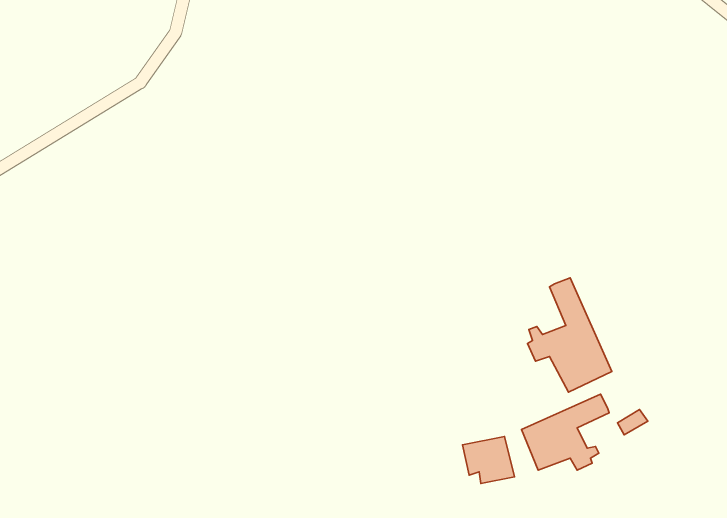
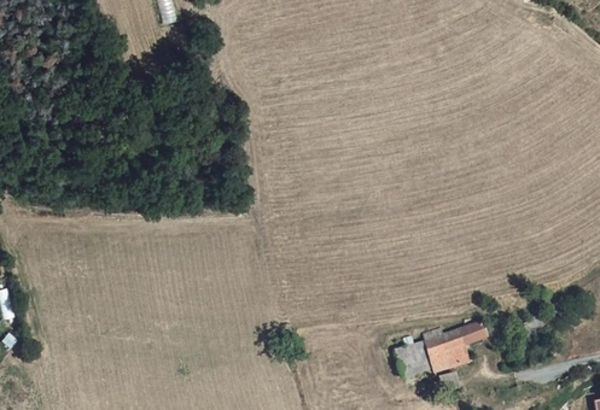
building: [527,278,612,392] -> none

